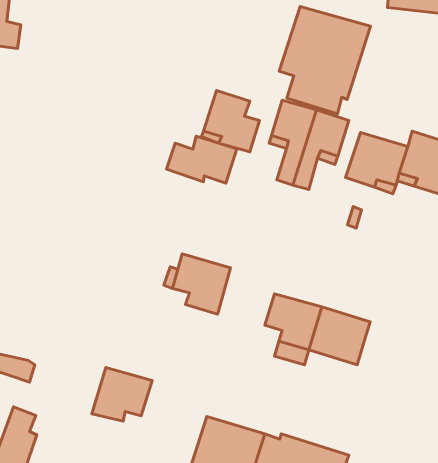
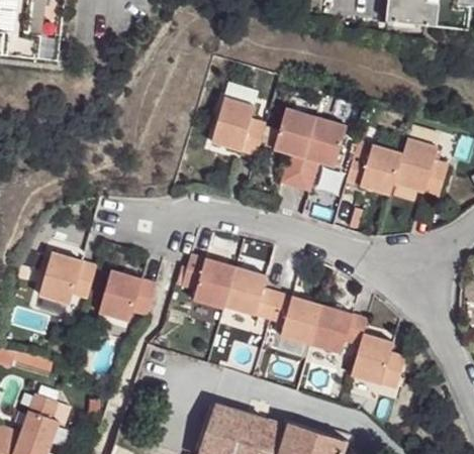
building: [279,6,370,114] -> none
building: [167,136,237,183] -> none
building: none -> [39,253,97,306]
building: none -> [225,265,278,319]
building: none -> [352,332,406,384]
building: [92,368,152,421] -> [99,270,156,321]

